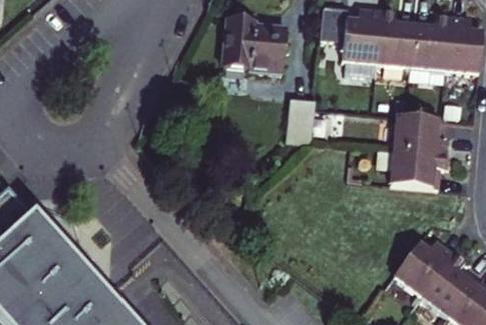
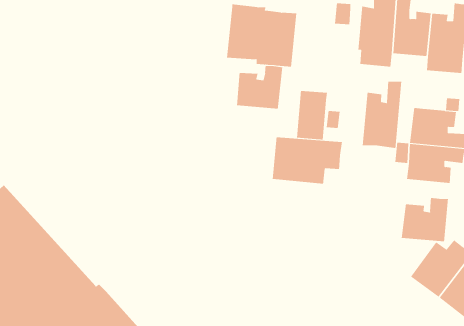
building: none -> [237,65,283,109]
building: none -> [362,81,402,149]
building: none -> [272,137,342,184]
building: none -> [401,197,449,242]

